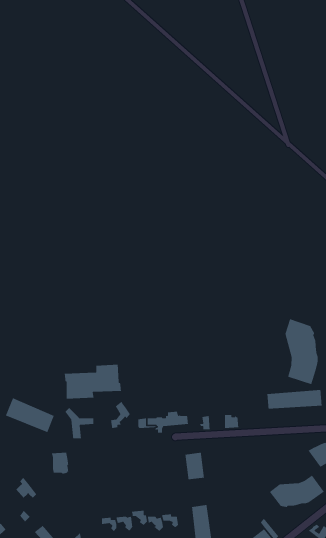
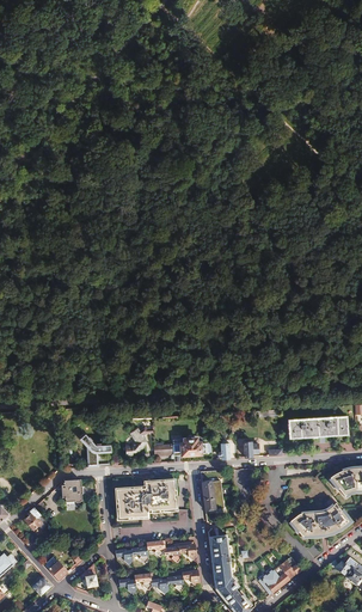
building: [284,318,319,385] -> none
building: [64,364,122,399] -> [115,481,176,518]
building: [5,397,55,433] -> none

